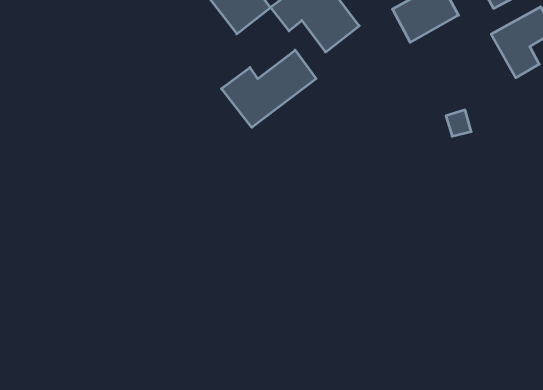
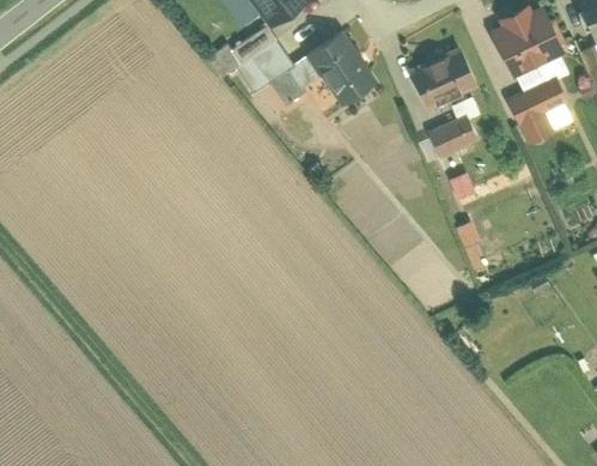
building: none -> [427,113,480,159]
building: [221,50,316,127] -> none

